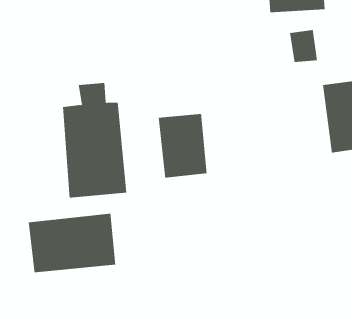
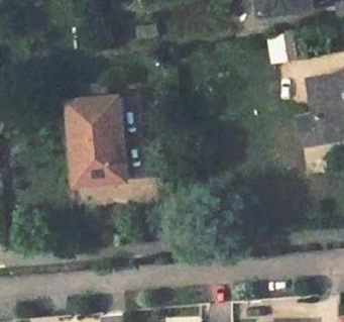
building: [158,113,207,179] -> none
building: [28,213,116,273] -> none

